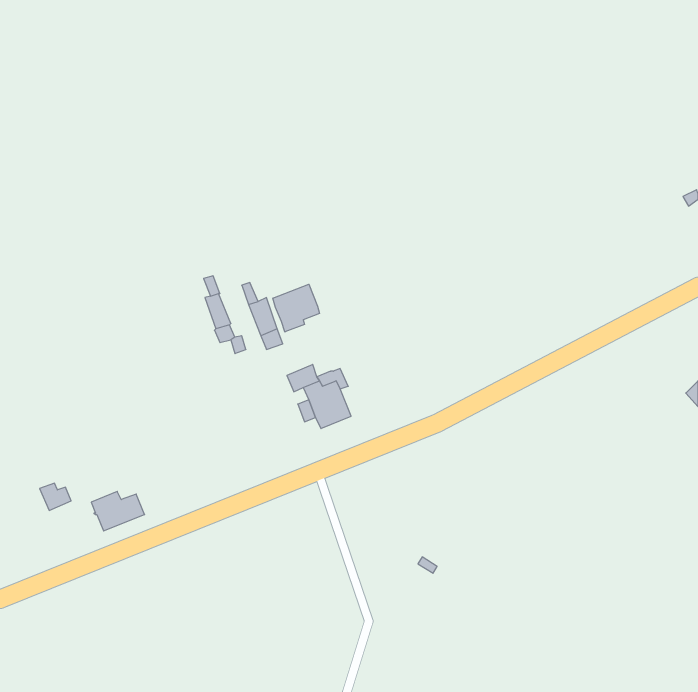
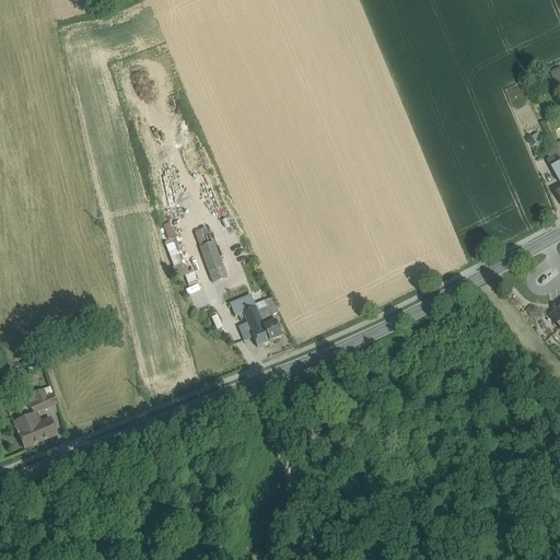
building: [273,284,320,332] -> none
building: [91,491,145,531] -> [14,413,57,445]

